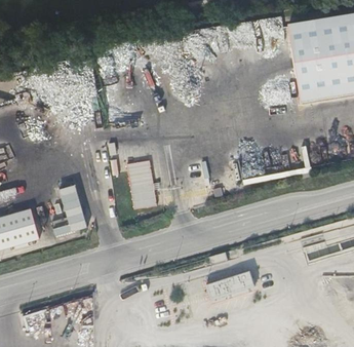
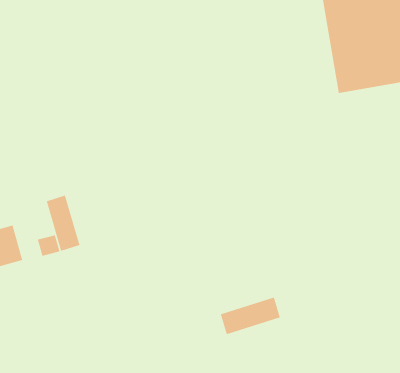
building: [126,162,156,210] -> none

